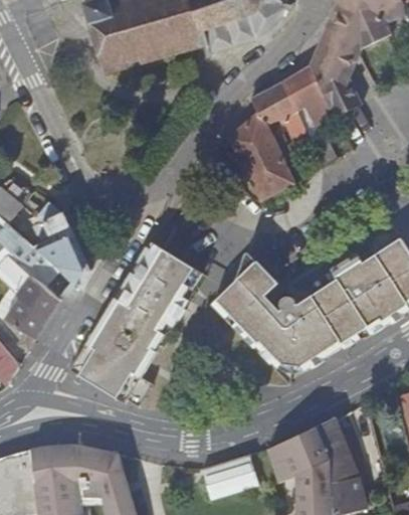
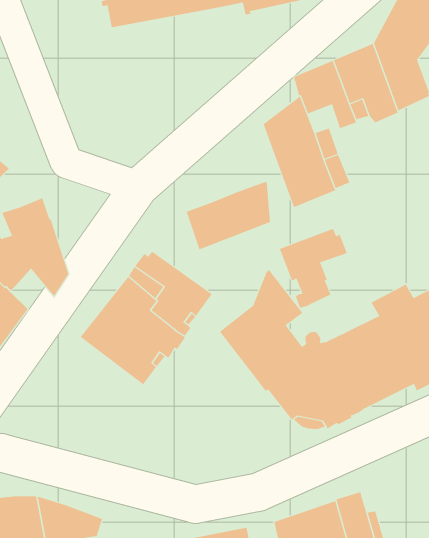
building: none -> [186,181,270,250]
building: none -> [279,228,348,308]
building: [70,317,156,402] -> none

